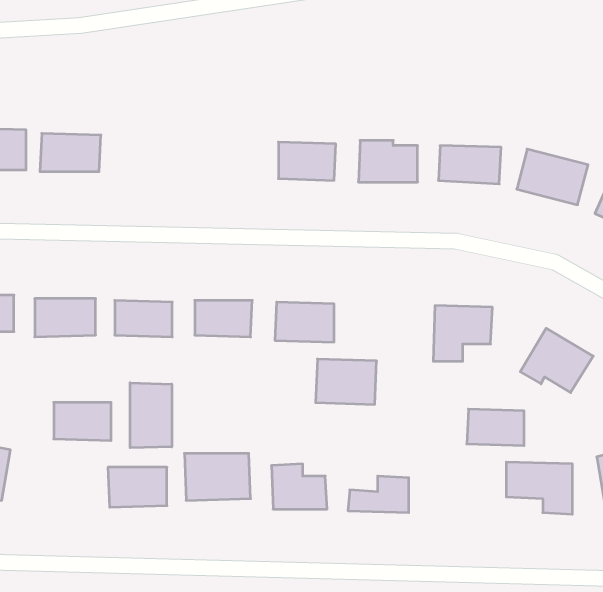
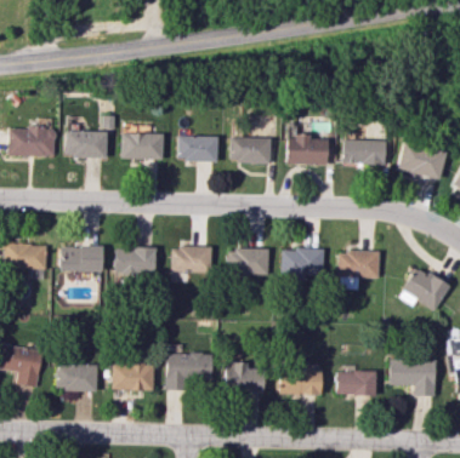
building: none -> [120,133,163,160]
building: none -> [177,136,217,161]
building: [316,359,377,404] -> [282,248,324,280]
building: [130,383,172,448] -> none
building: [54,402,111,441] -> [57,365,97,391]
building: [467,409,524,446] -> [336,371,376,396]

